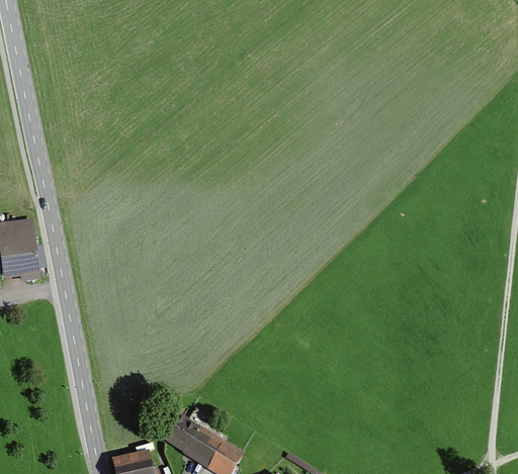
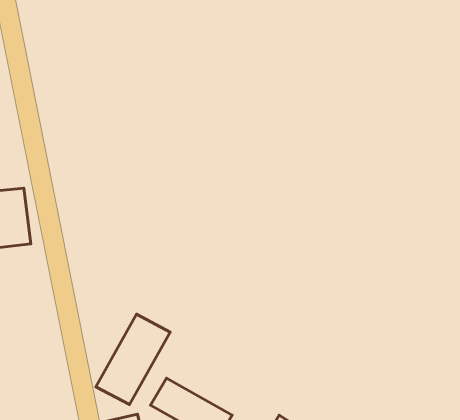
building: none -> [96,314,170,405]

